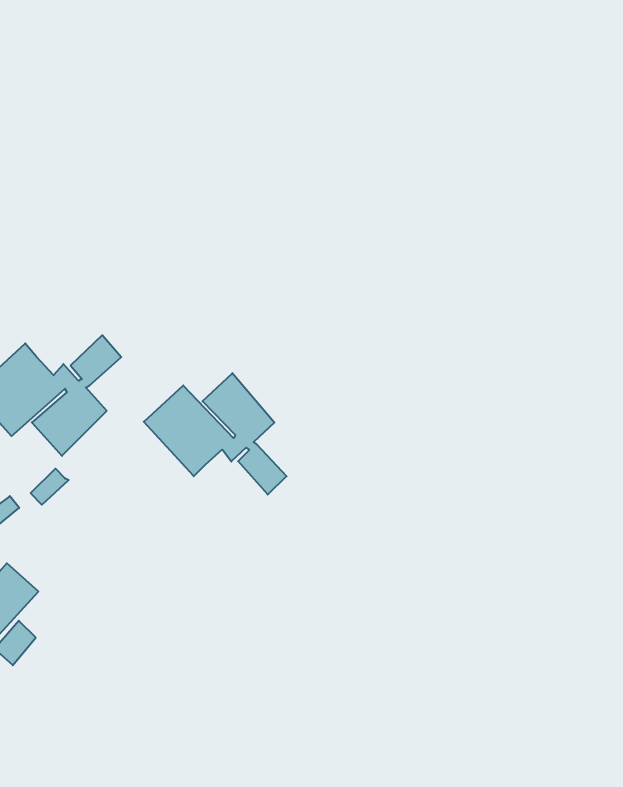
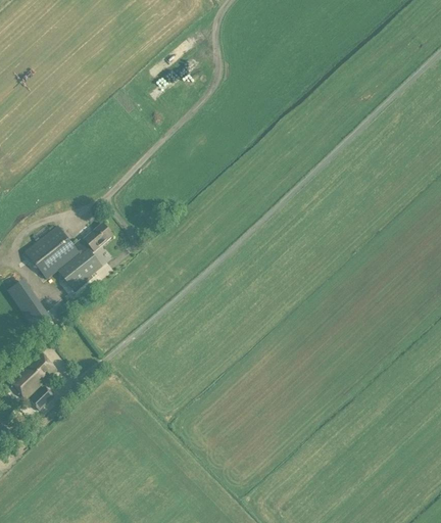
building: [144,373,287,495] -> none

